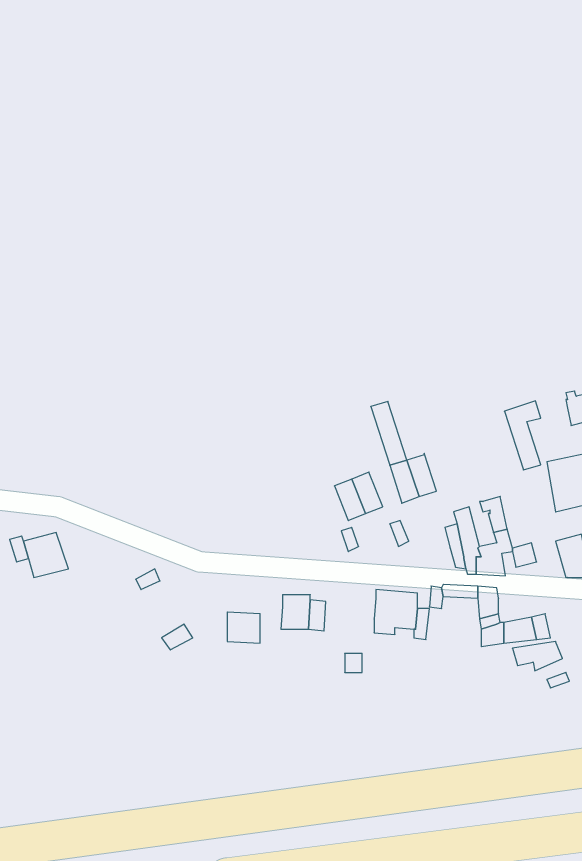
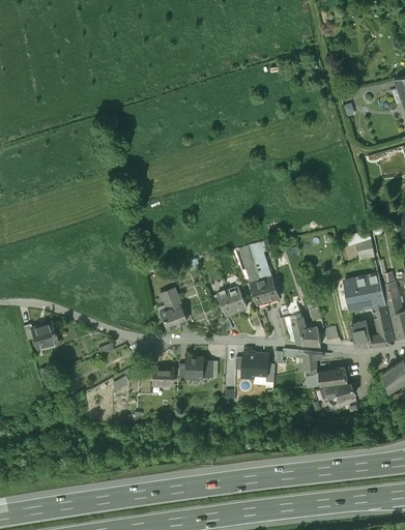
building: [504,401,541,470] -> [250,237,271,278]
building: none -> [158,287,186,330]

